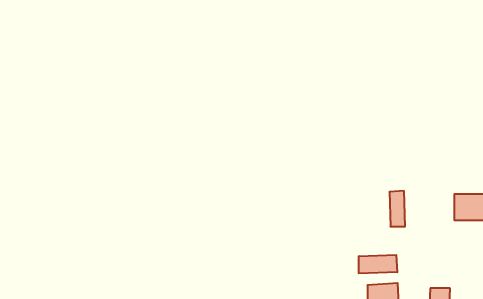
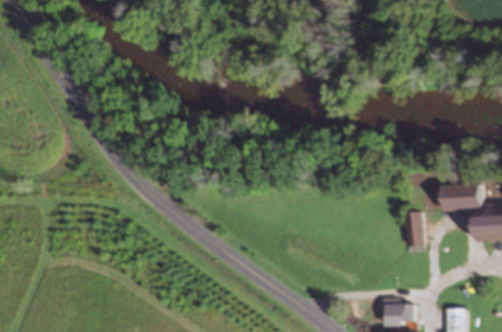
building: none -> [440,184,482,210]
building: [359,255,397,273] -> none

